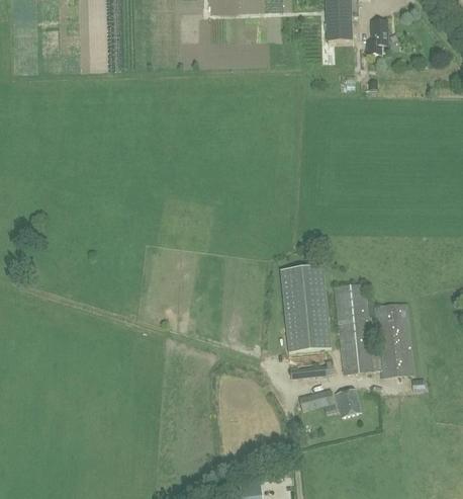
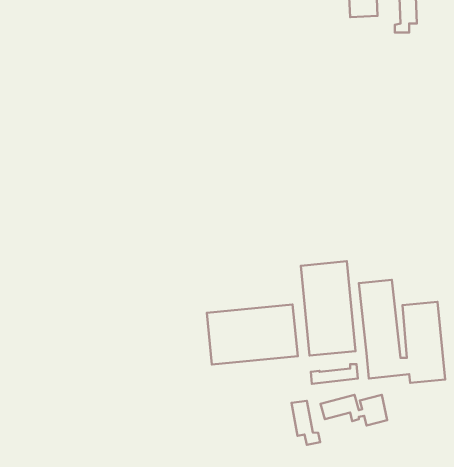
building: none -> [207,305,298,364]
building: none -> [291,401,320,445]

